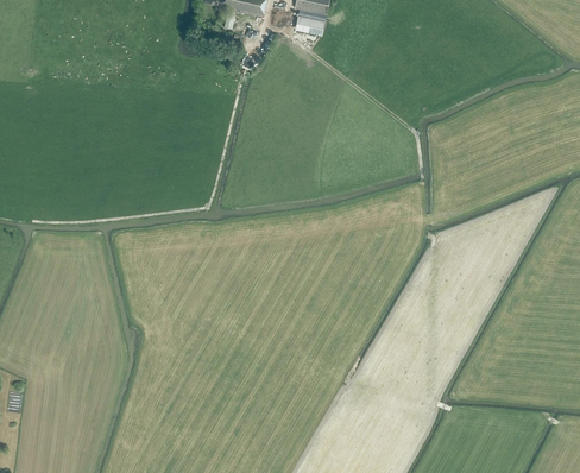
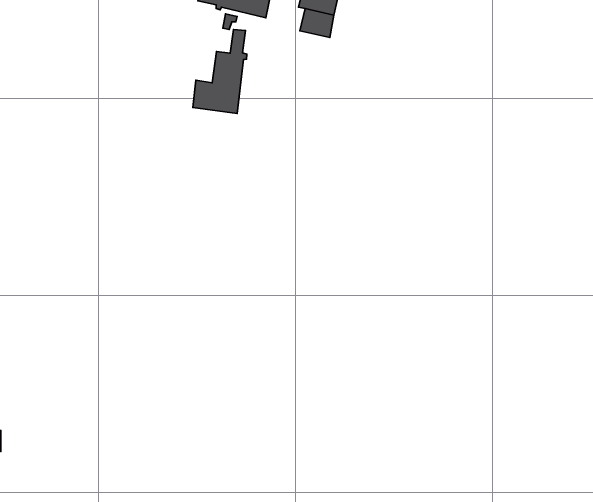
building: none -> [193,29,247,114]

